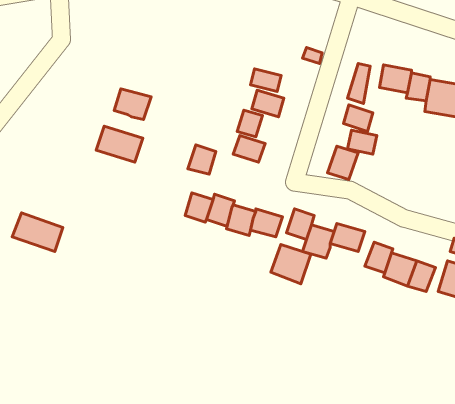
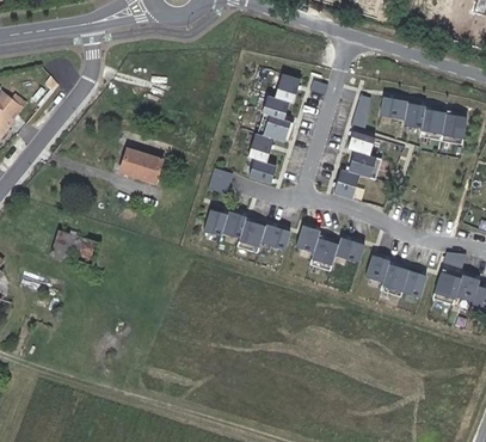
building: none -> [272,72,299,103]
building: [114,89,151,120] -> none
building: [271,245,311,284] -> none

